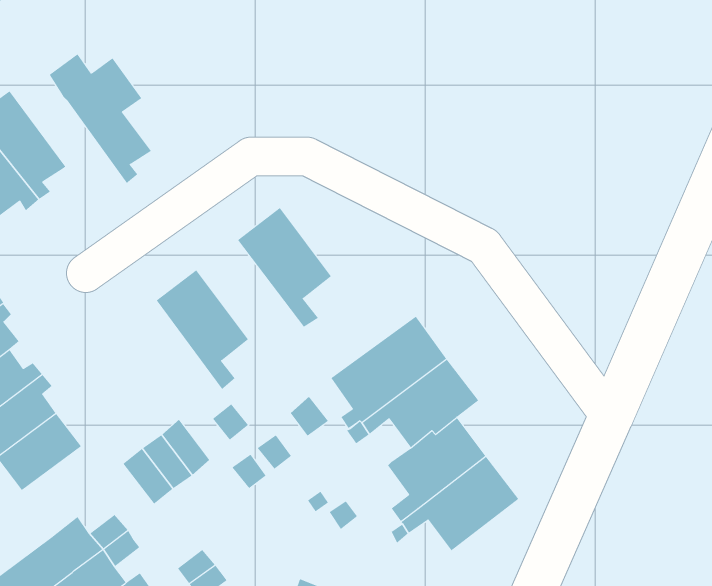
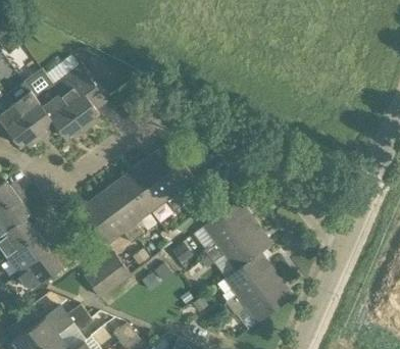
building: none -> [23,67,86,138]
building: none -> [122,160,179,212]
building: none -> [79,192,136,245]

